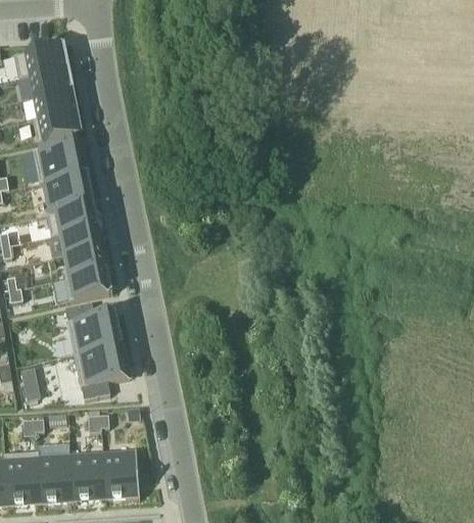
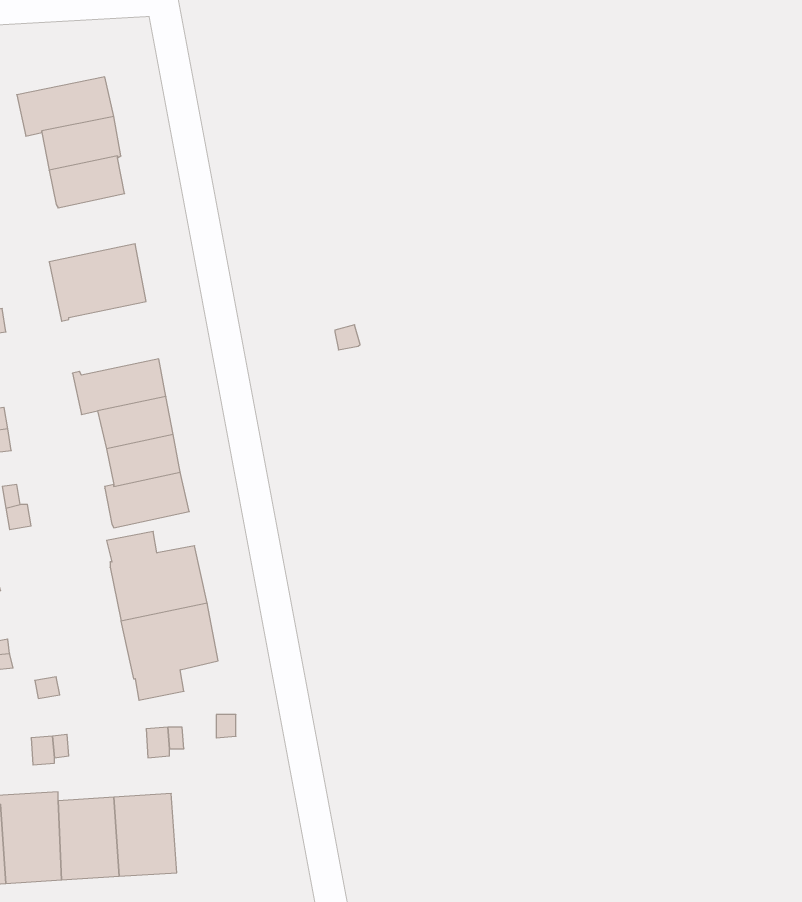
building: [32,110,79,142] -> none
building: [43,172,94,213] -> none
building: [101,448,139,496] -> none

